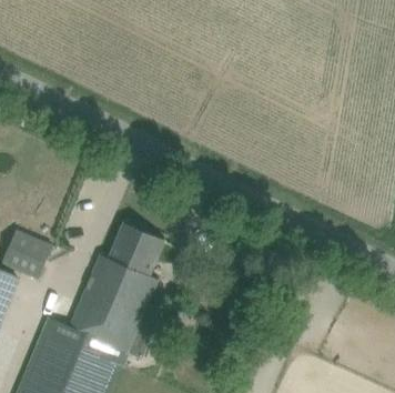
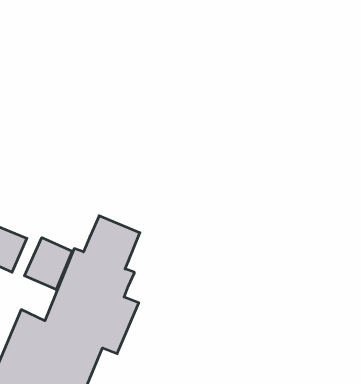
building: none -> [24,238,72,290]

